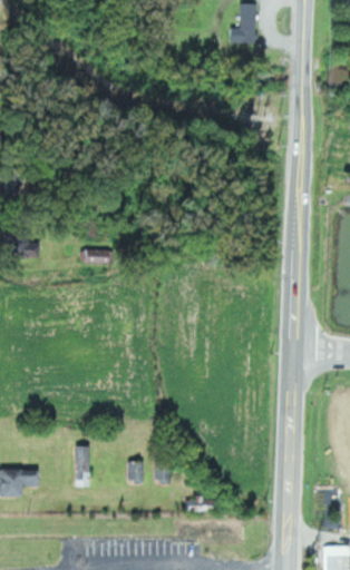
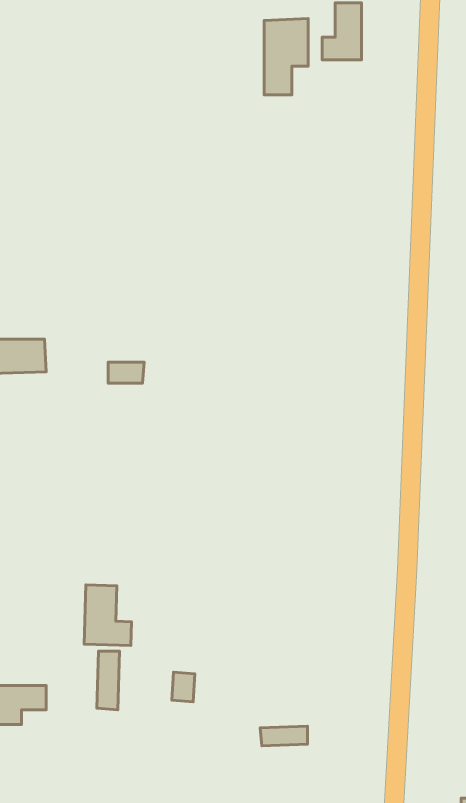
building: none -> [264,19,308,95]
building: none -> [84,585,131,645]

